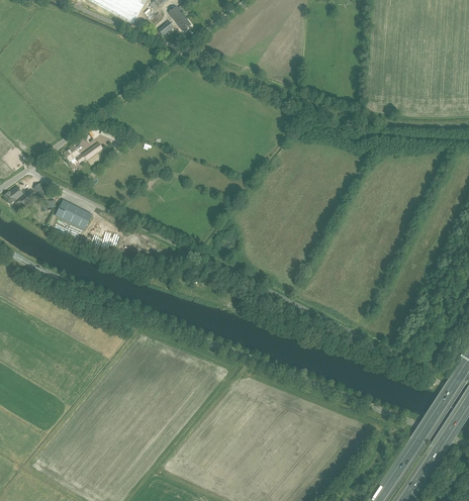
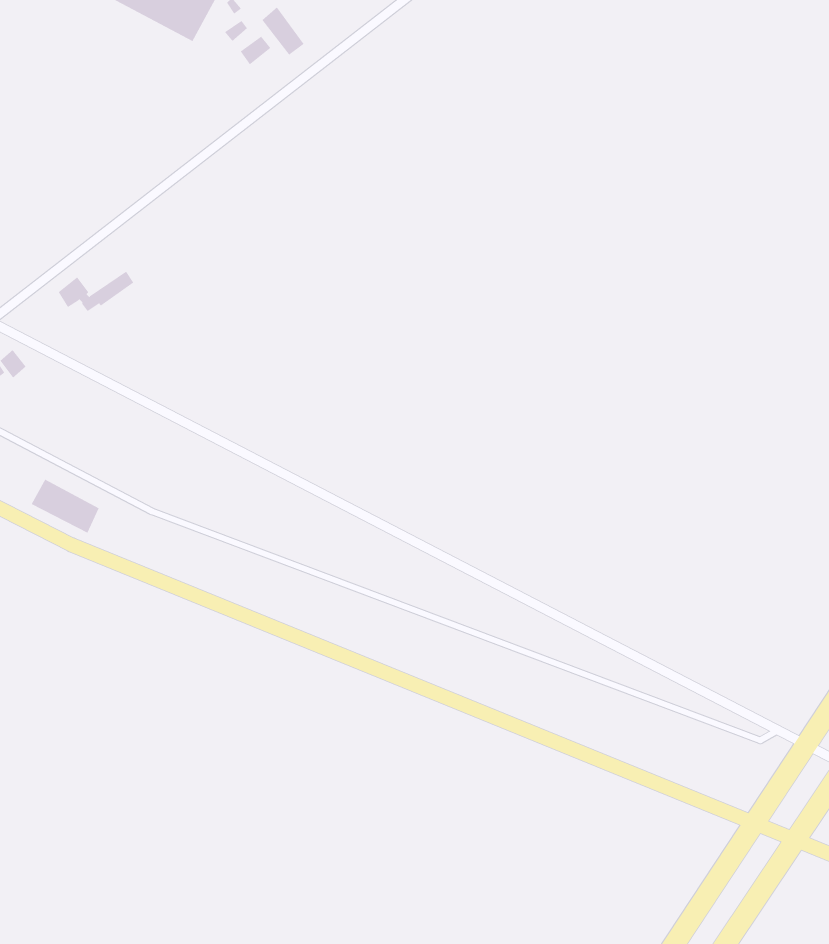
building: [56,200,91,228] -> [31,479,99,534]

